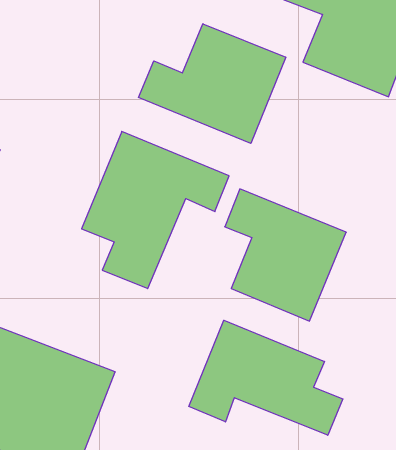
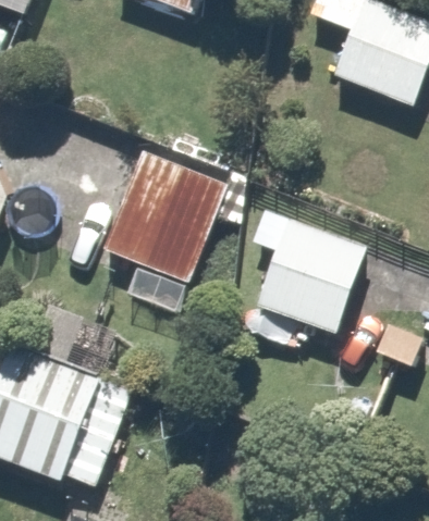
building: [139,24,286,143] -> none
building: [189,320,343,435] -> none

